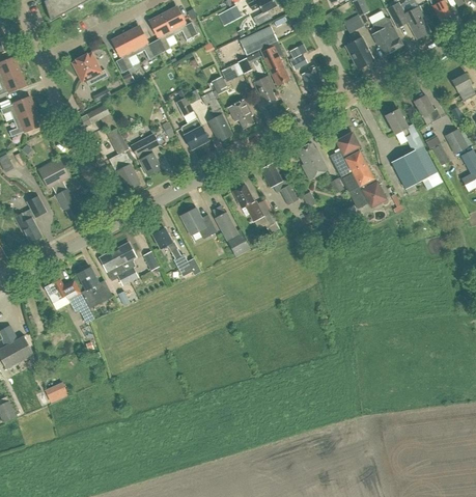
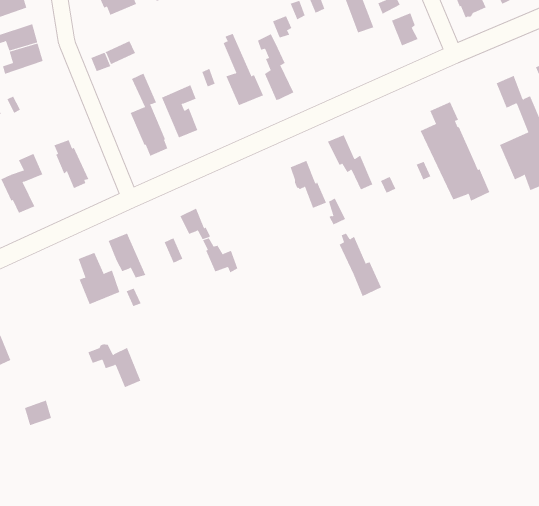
building: [253,75,276,104] -> none
building: [228,99,254,129] -> none
building: [297,142,328,178] -> none
building: [38,158,69,188] -> none
building: [180,208,217,239] -> none
building: [215,209,250,256] -> [339,233,382,297]
building: [114,242,138,281] -> none
building: [45,279,87,311] -> [87,344,141,388]

